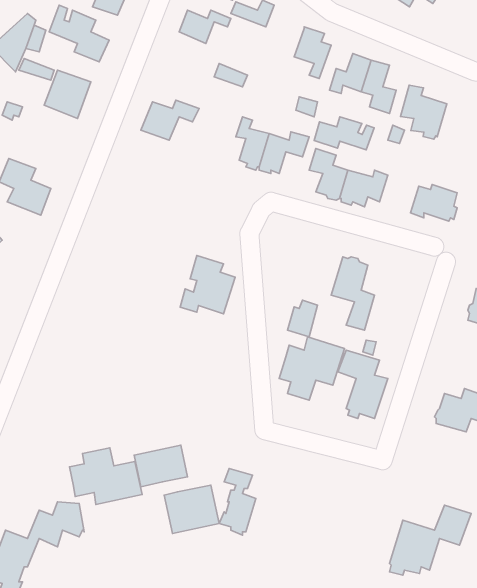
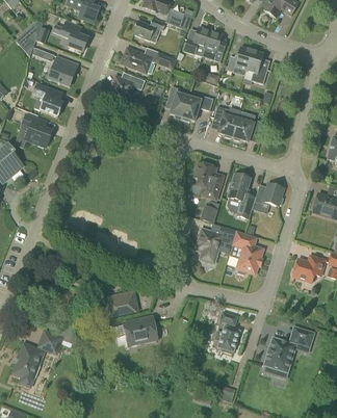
building: none -> [184,25,210,53]
building: none -> [121,47,152,72]
building: [401,85,447,139] -> none
building: none -> [31,82,62,116]
building: [314,117,374,150] -> none
building: [410,184,457,221] -> [254,183,283,206]
building: [180,256,235,314] -> [188,162,223,199]
building: [69,448,142,504] -> none
building: [219,469,256,535] -> [216,312,239,354]

